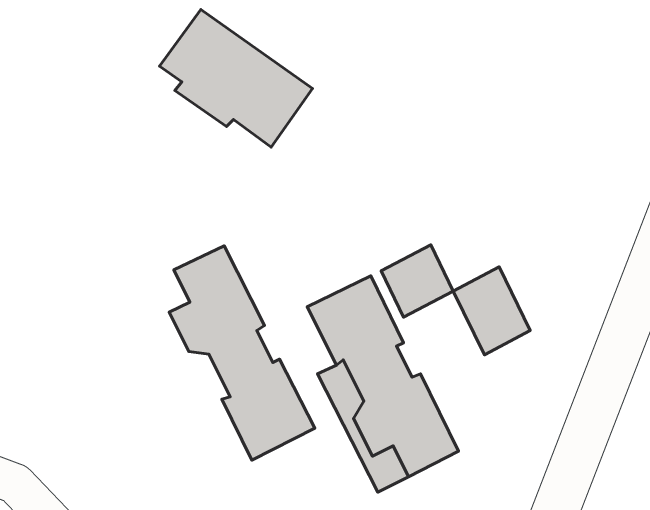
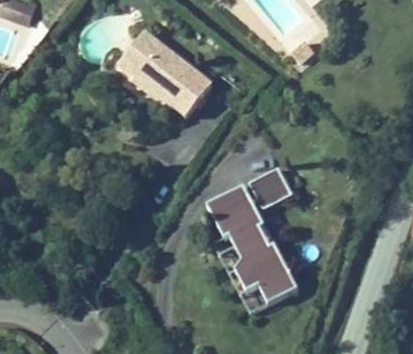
building: [169,246,315,460] -> none
building: [453,267,530,355] -> none

